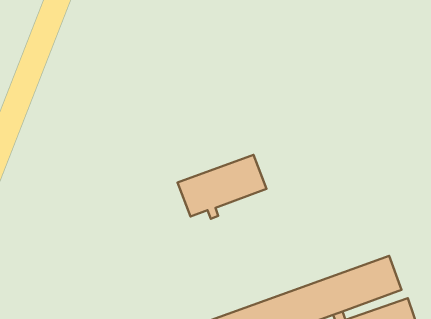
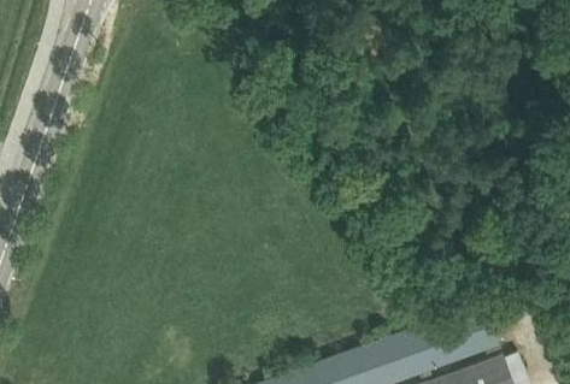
building: [178,155,266,219] -> none

